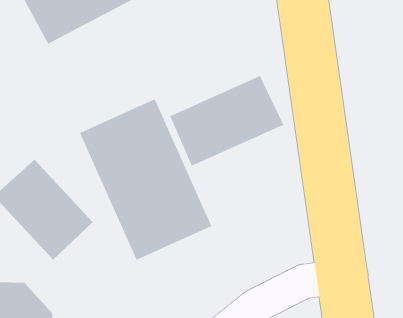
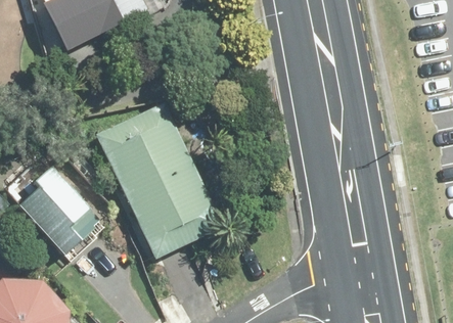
building: [169,75,284,167] -> none

